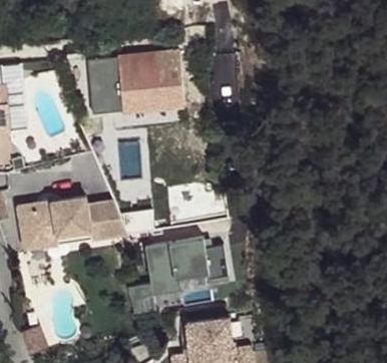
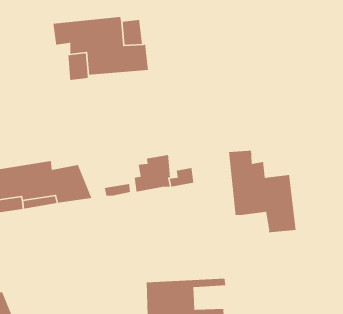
building: none -> [228,150,297,233]
building: [129,236,230,306] -> none

